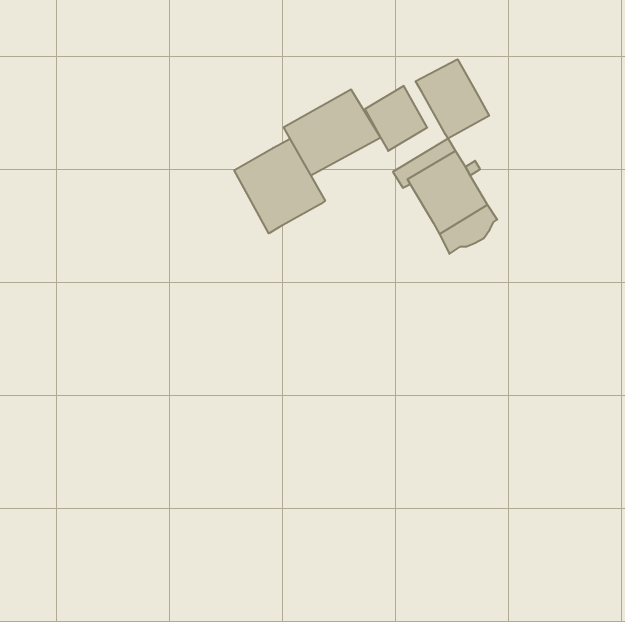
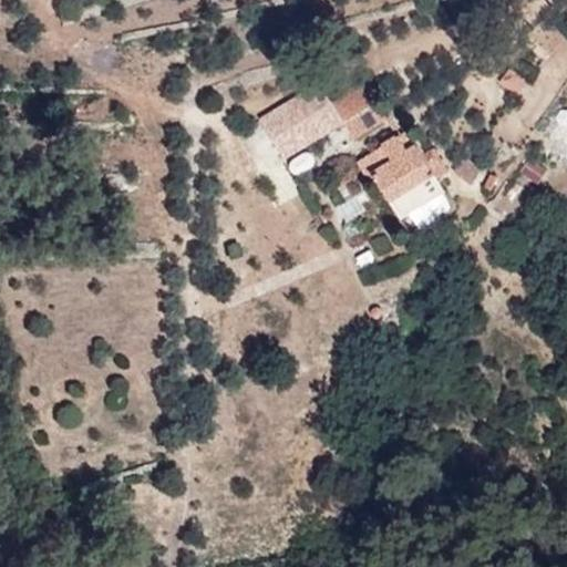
building: [416,59,489,139] -> none
building: [234,139,325,233] -> none

